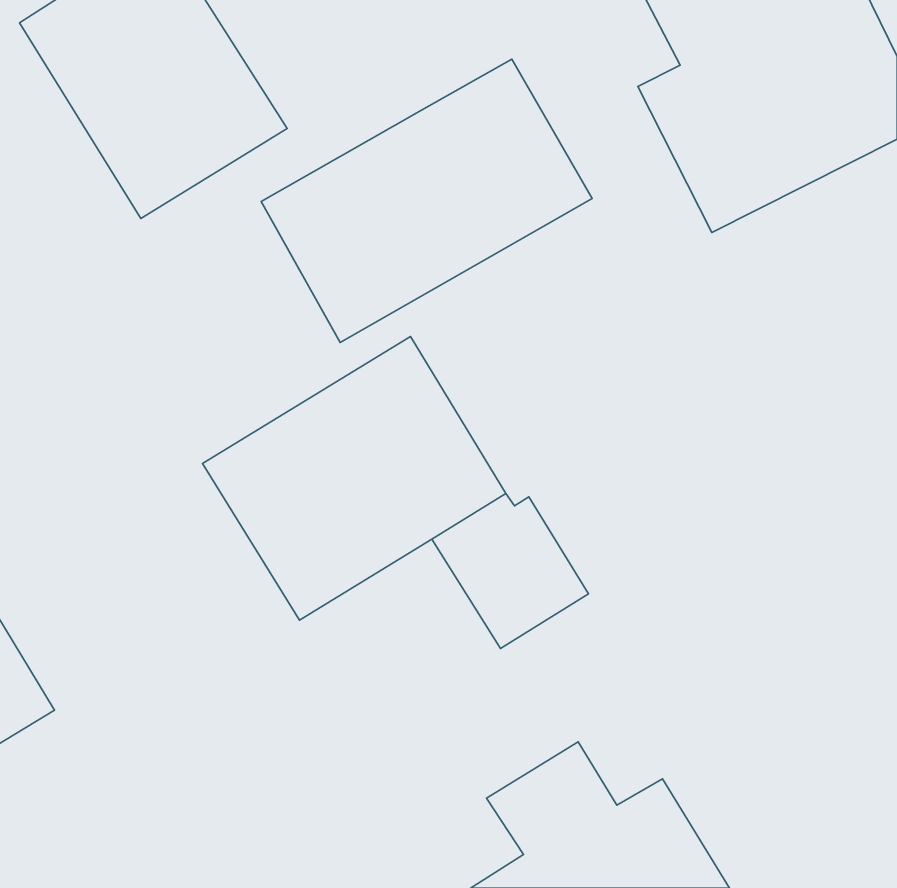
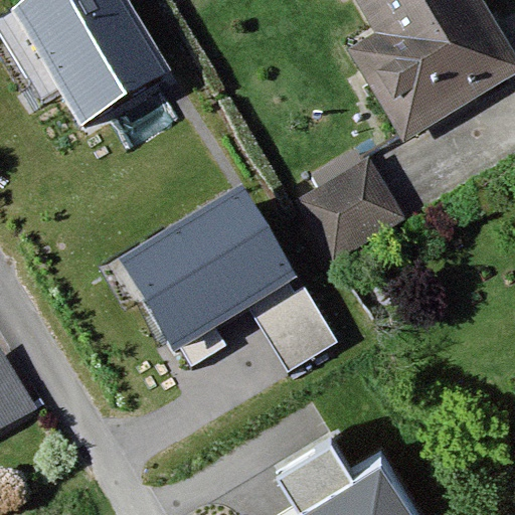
building: [261,59,592,342] -> none
building: none -> [297,159,401,260]

